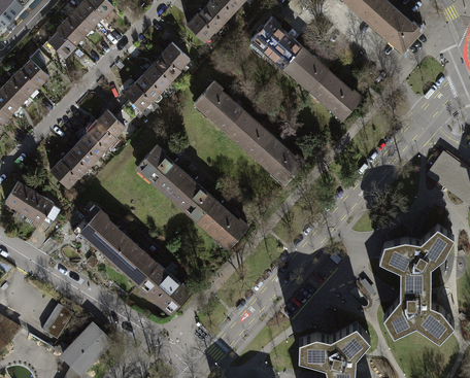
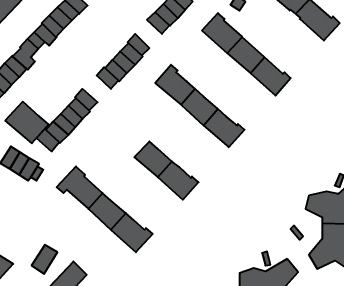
building: none -> [5,102,49,143]
building: [137,146,187,196] -> none

